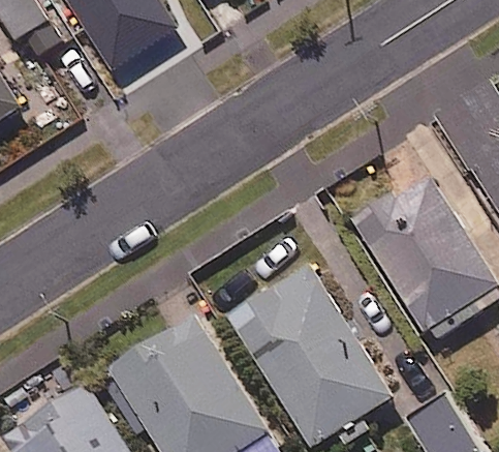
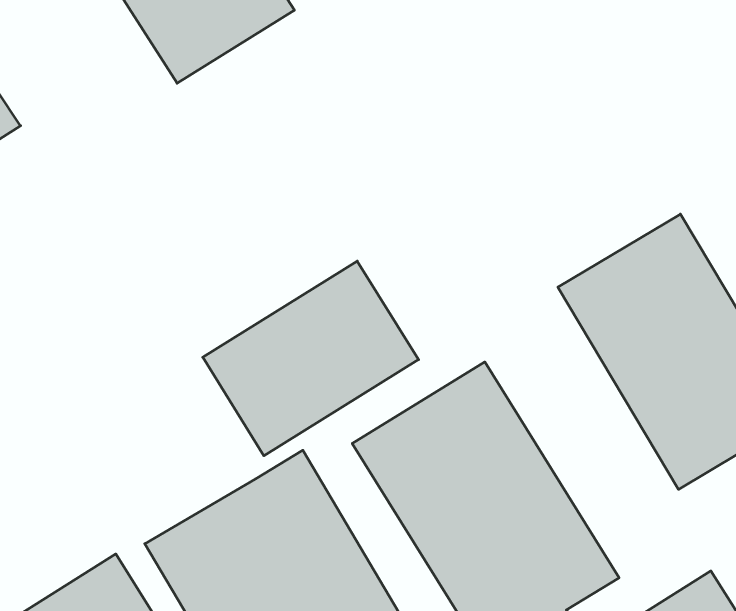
building: none -> [203,261,419,456]

